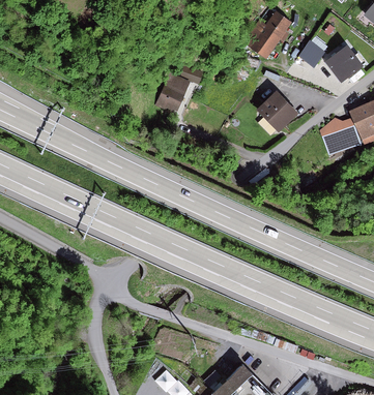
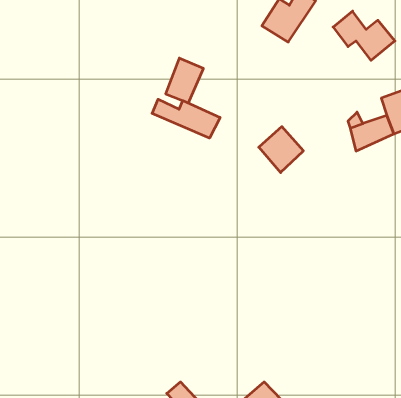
building: [258,91,298,132] -> [259,127,303,173]
building: none -> [152,99,220,138]

